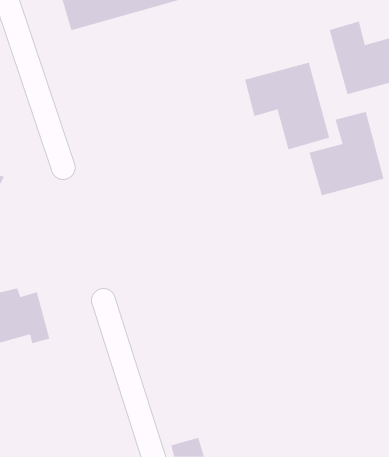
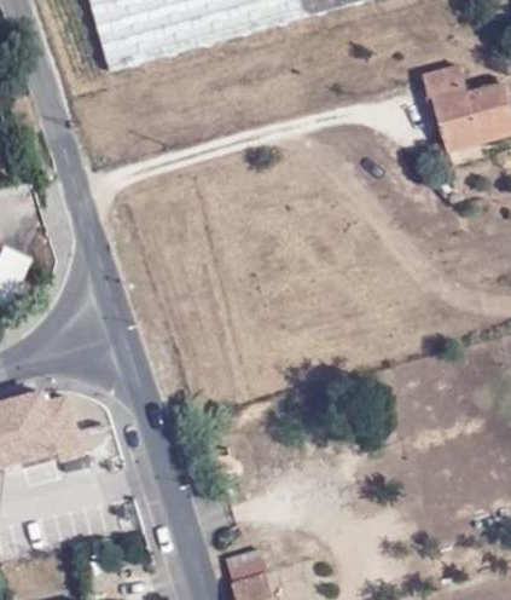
building: [245,62,330,150] -> none
building: [309,111,384,196] -> none

